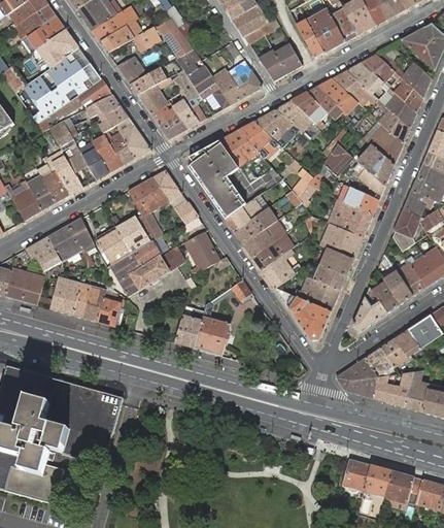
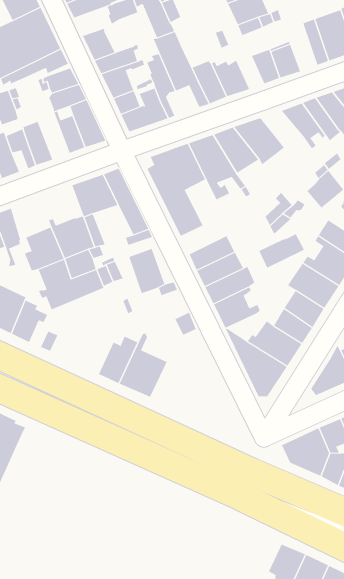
building: [275,100,312,132] -> none
building: [92,129,122,171] -> none
building: [225,198,263,231] -> [258,233,305,269]

